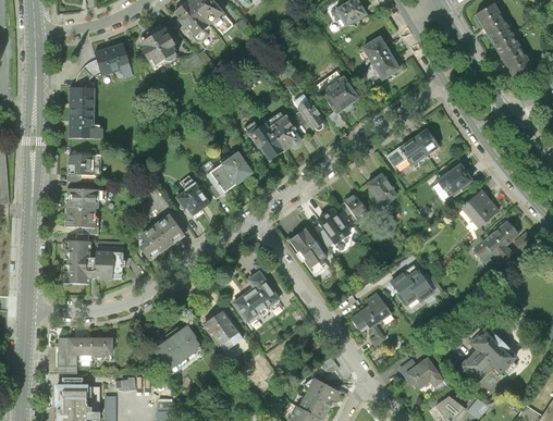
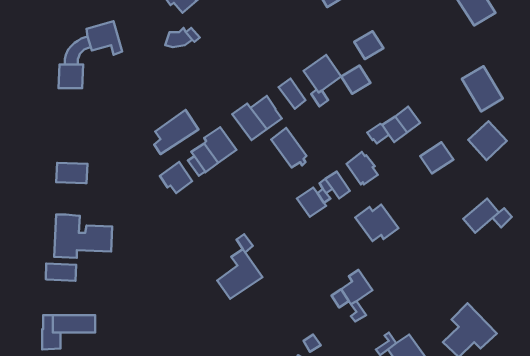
building: [144,27,180,65] -> none
building: [492,34,533,79] -> [462,66,503,111]
building: [360,35,390,63] -> [341,66,370,94]
building: [72,110,106,136] -> none
building: [72,153,96,174] -> none
building: [458,189,497,228] -> [468,121,507,160]
building: [70,205,100,225] -> none
building: [138,214,183,259] -> [154,110,198,154]
building: [288,228,324,269] -> [271,128,307,168]
building: [388,268,431,305] -> [355,205,399,241]
building: none -> [46,264,76,281]
building: [204,312,237,347] -> none
building: [153,327,201,372] -> none

